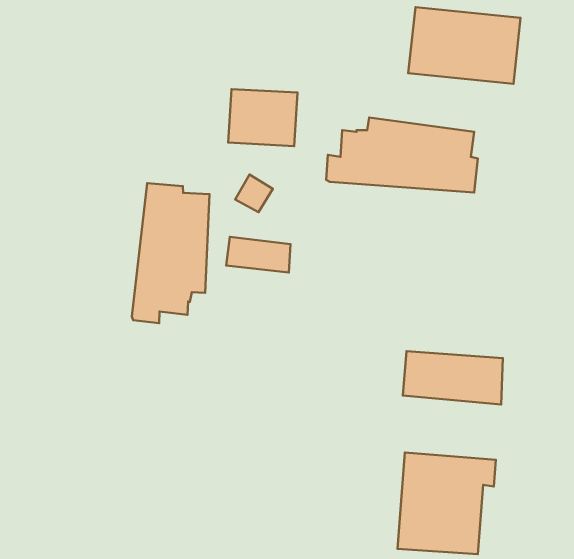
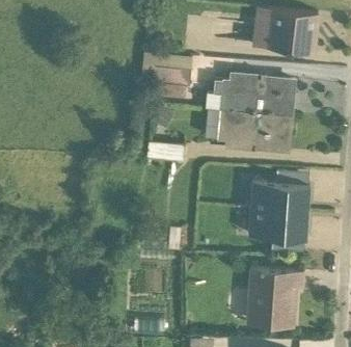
building: none -> [206,109,292,152]
building: [132,183,210,323] -> none
building: none -> [252,181,311,212]

